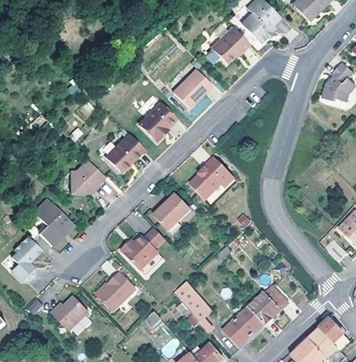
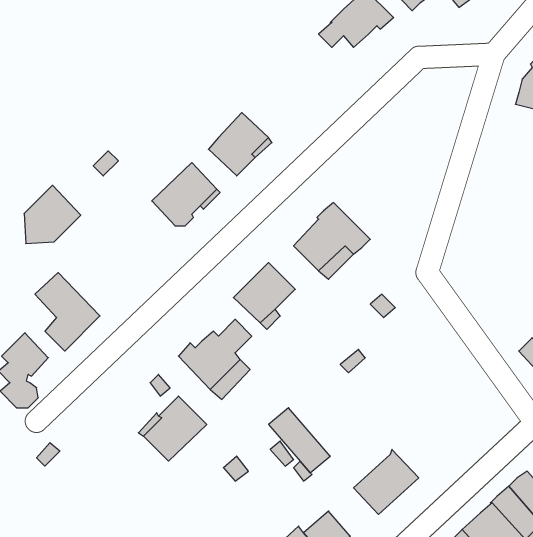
building: [172,69,211,107] -> none
building: [69,159,103,195] -> [24,185,81,244]
building: [248,285,289,324] -> none
building: [50,297,89,334] -> none

